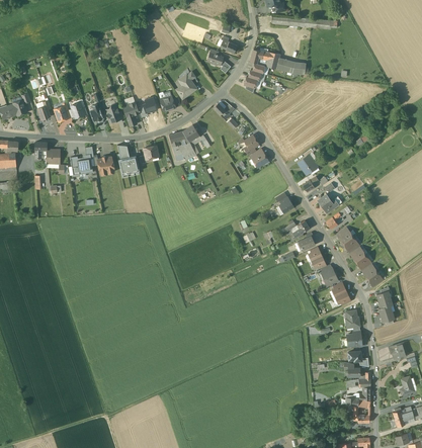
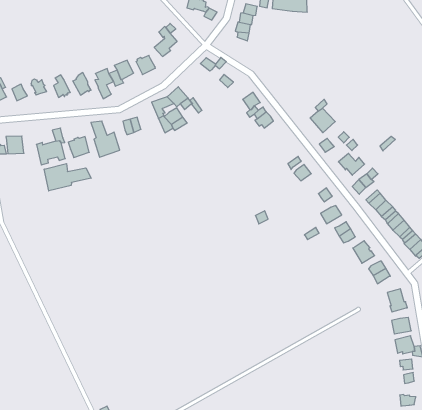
building: none -> [44,164,91,191]

